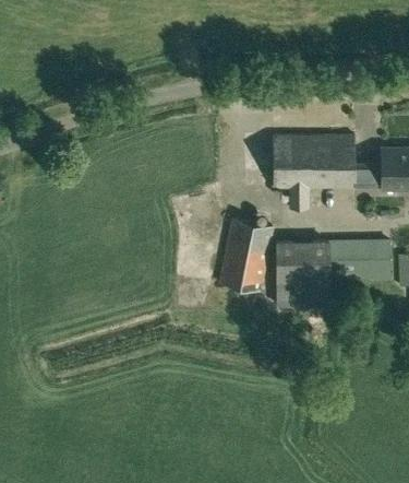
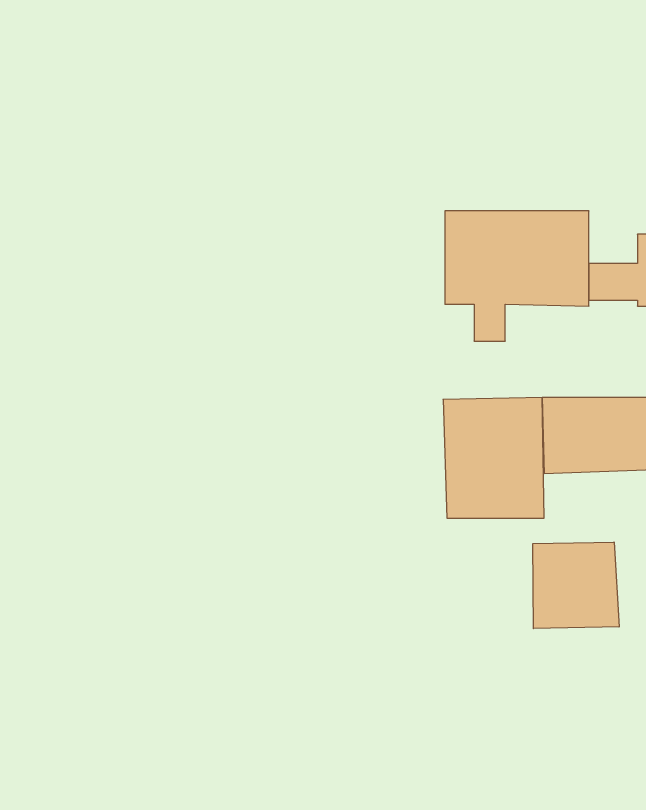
building: [219,219,274,292] -> none
building: none -> [533,542,619,629]

